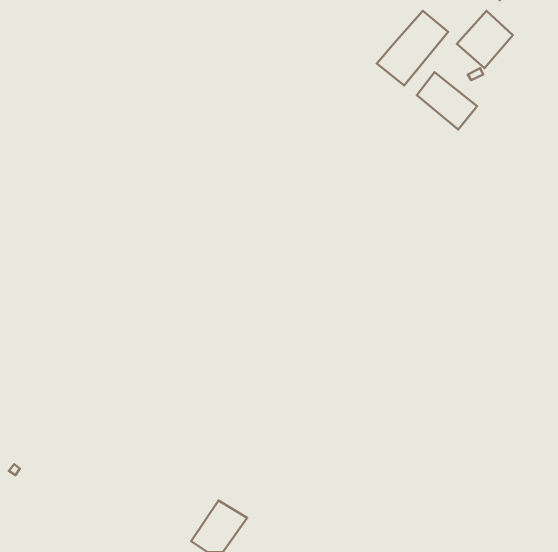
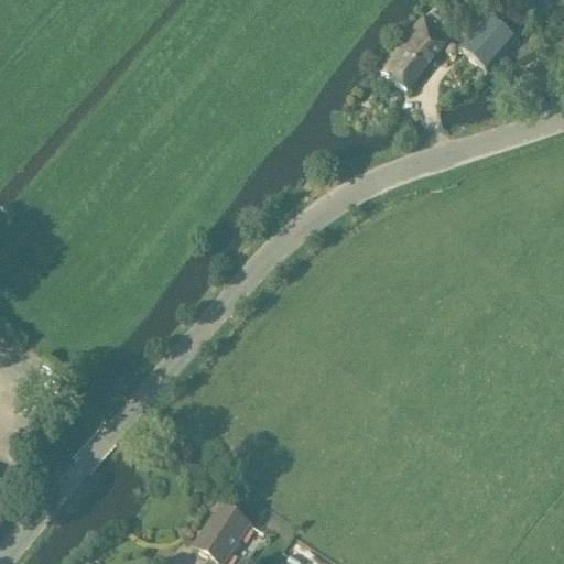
building: [417,72,477,129] -> none

